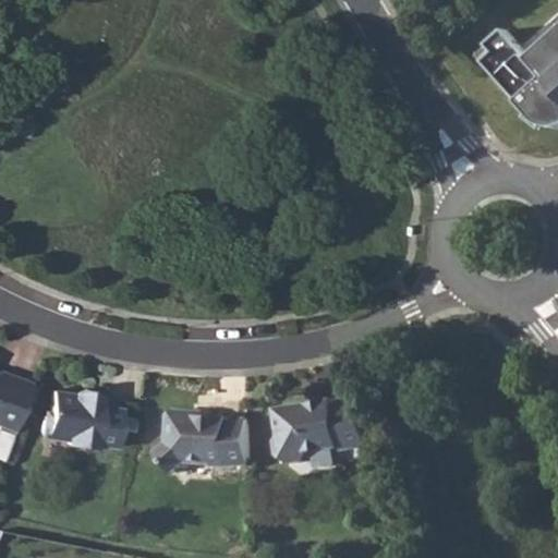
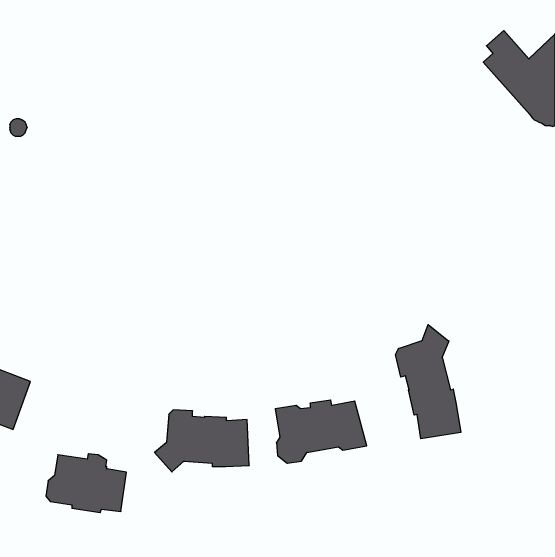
building: none -> [396,325,461,439]
building: [40,388,121,447] -> [46,454,126,513]

